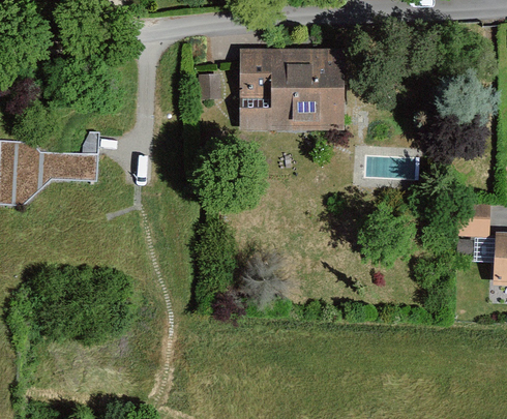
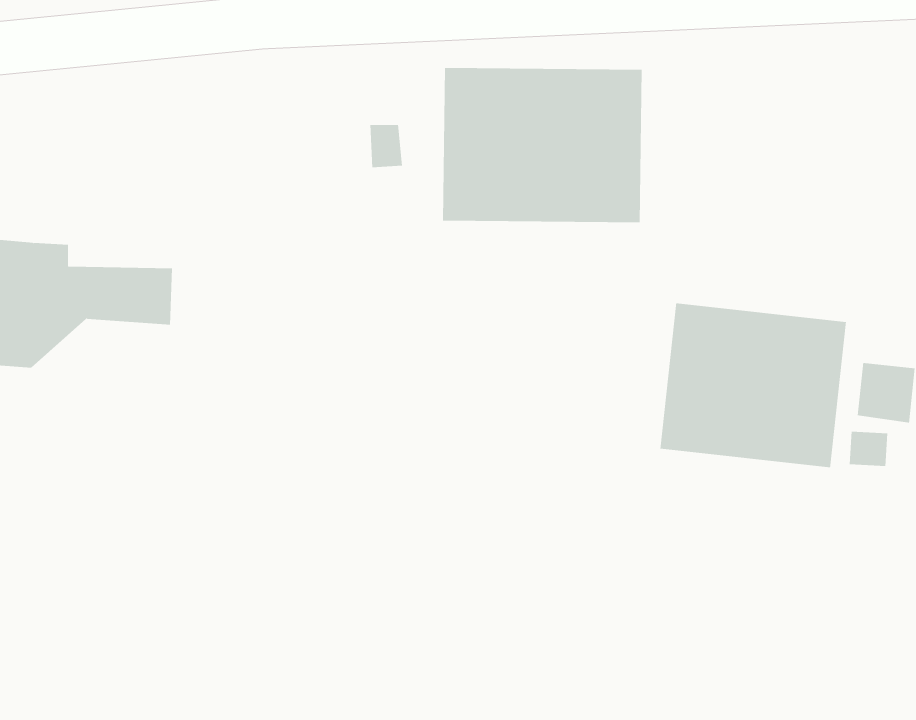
building: none -> [660,303,846,468]

